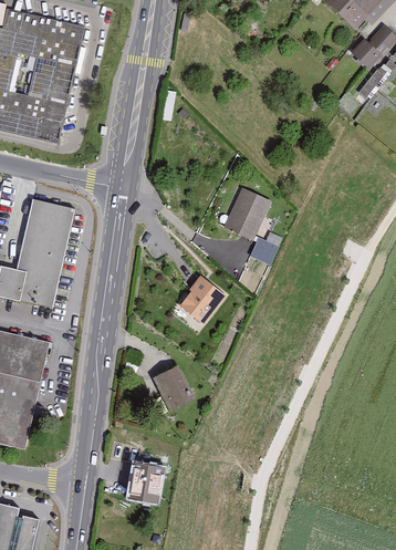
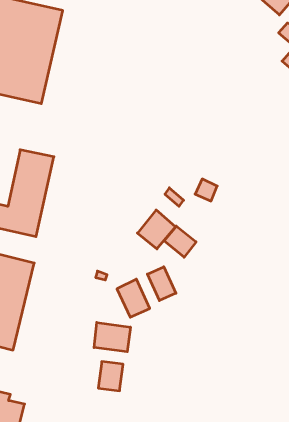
building: [221,187,270,240] -> none
building: none -> [164,226,196,257]
building: none -> [147,267,176,301]
building: none -> [94,322,130,352]

